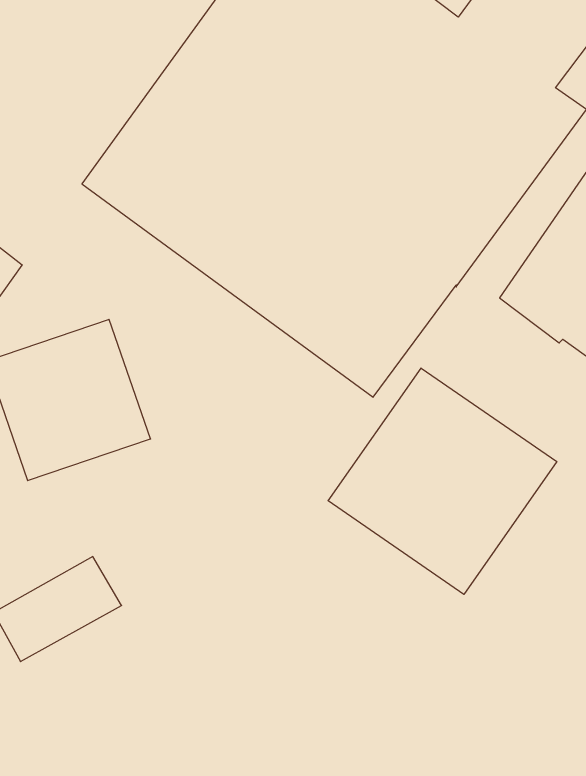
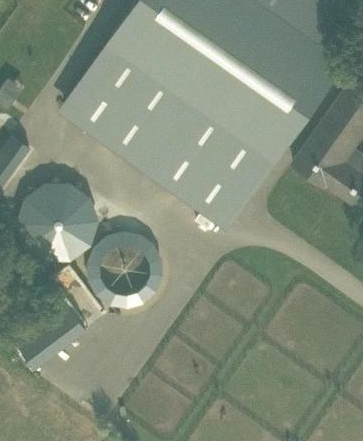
building: [328,368,557,594] -> none
building: none -> [78,224,170,315]

